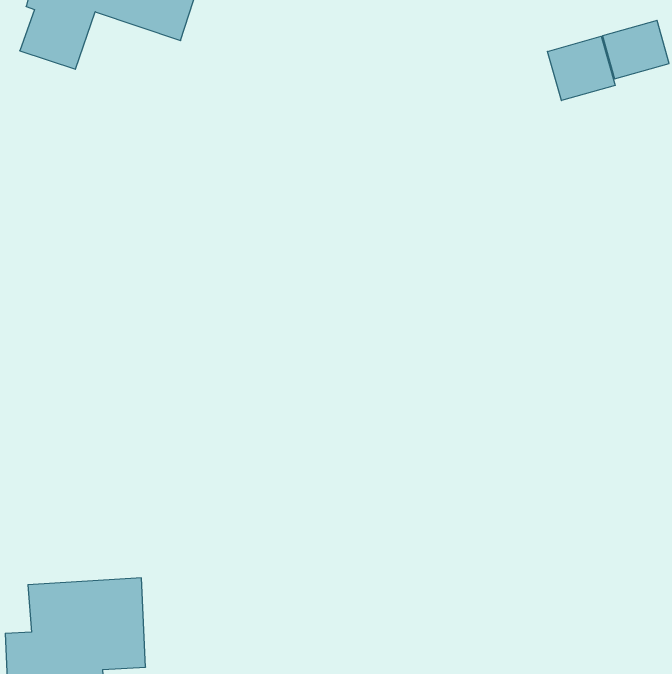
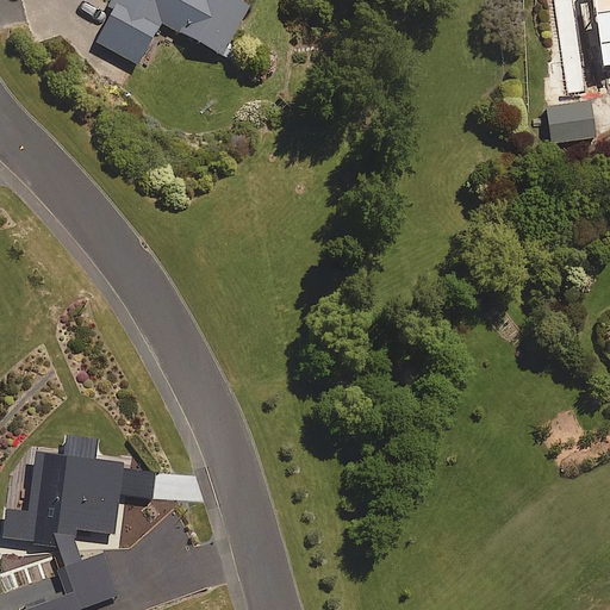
building: [547,36,615,101] -> none

